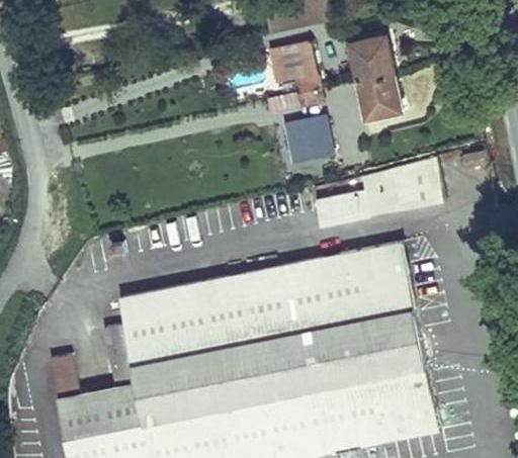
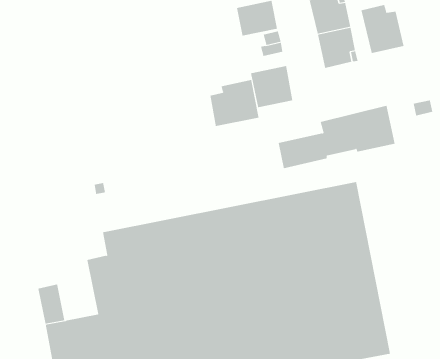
building: none -> [361,4,404,54]
building: none -> [210,79,259,127]

